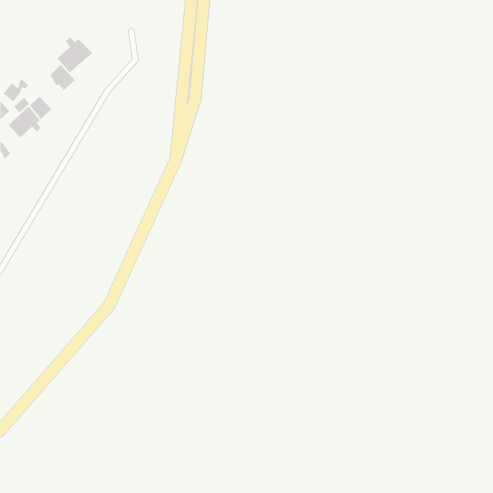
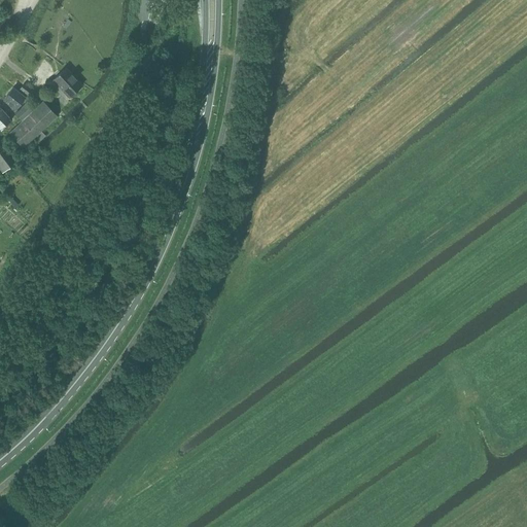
building: [56,36,93,74] -> none

